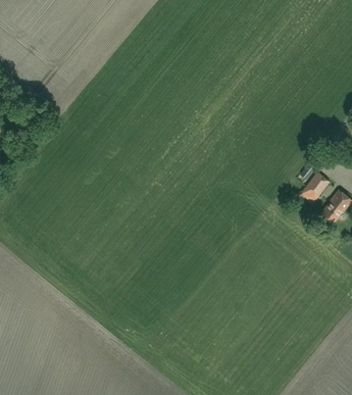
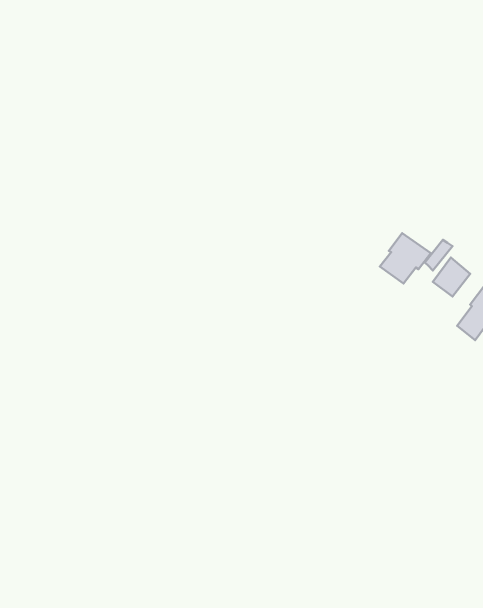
building: none -> [380,233,431,283]

